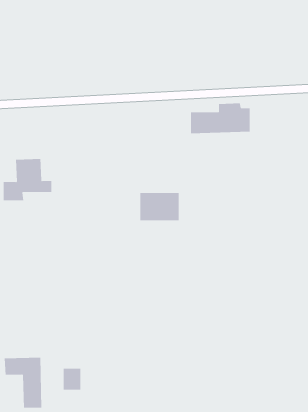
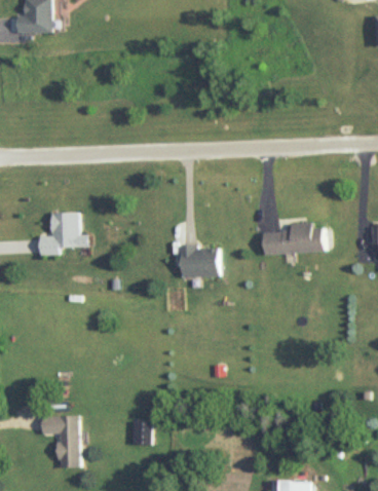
building: [190,103,250,134] -> [263,223,325,255]
building: [63,368,81,390] -> [130,422,149,445]

